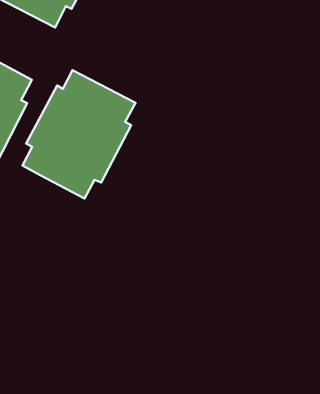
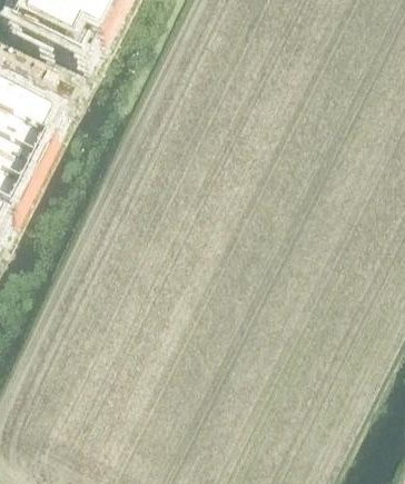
building: [22,70,136,198] -> none

